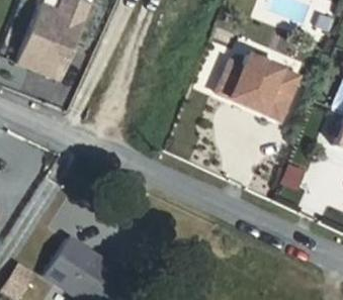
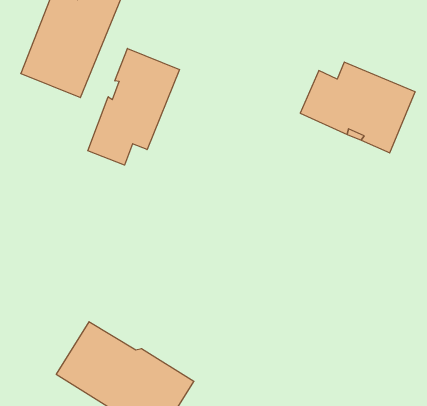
building: none -> [88,48,179,165]

